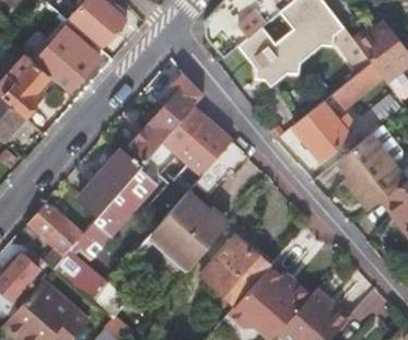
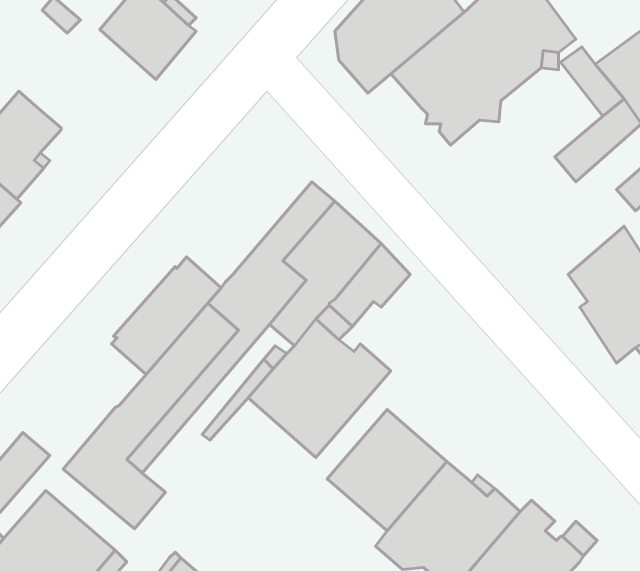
building: [36,22,96,91] -> none
building: [126,73,202,163] -> none
building: [290,99,352,159] -> none
building: [22,202,80,269] -> none

